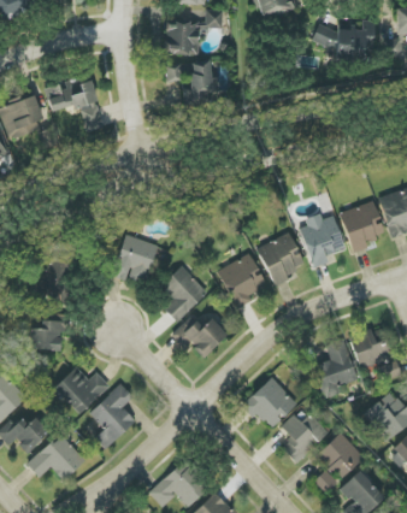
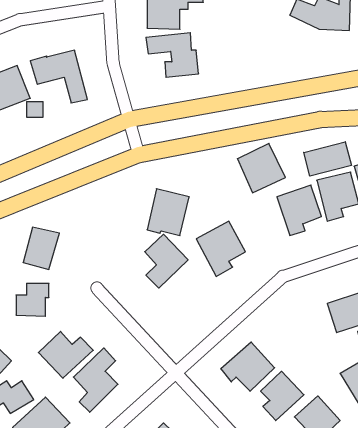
building: none -> [304,142,351,176]
building: [256,232,306,283] -> [237,143,285,193]
building: [113,235,157,283] -> [147,189,189,236]
building: [171,316,226,356] -> none
building: [313,340,356,399] -> none

